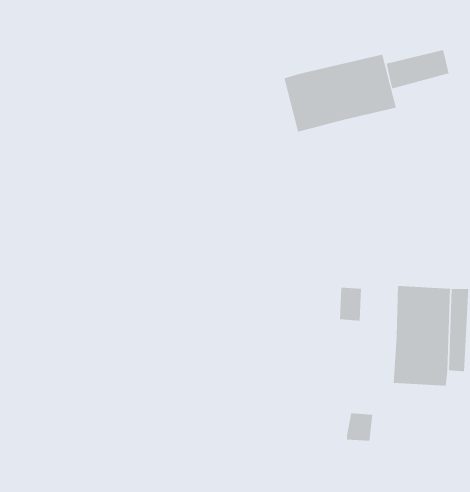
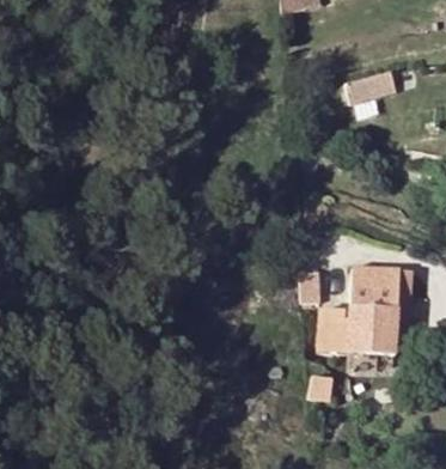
building: [284,54,396,132] -> none
building: none -> [318,309,350,351]

